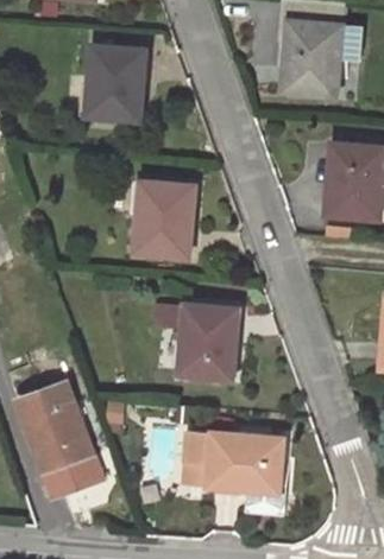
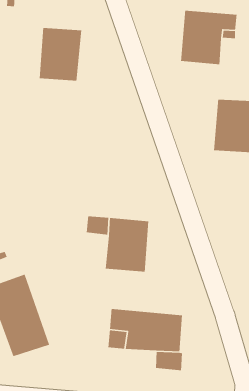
building: [134,182,194,258] -> none

